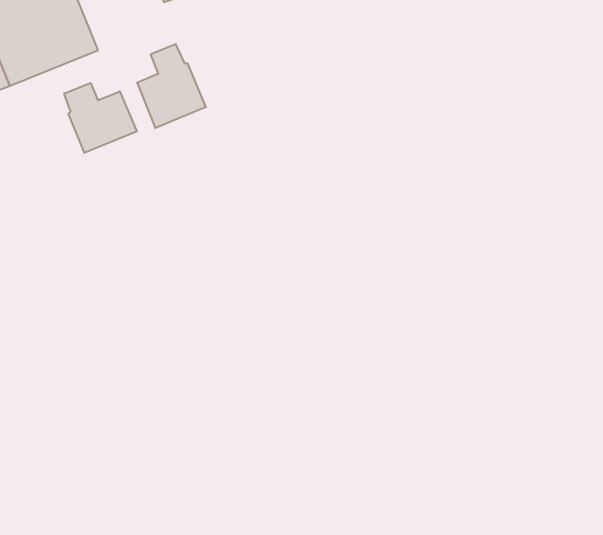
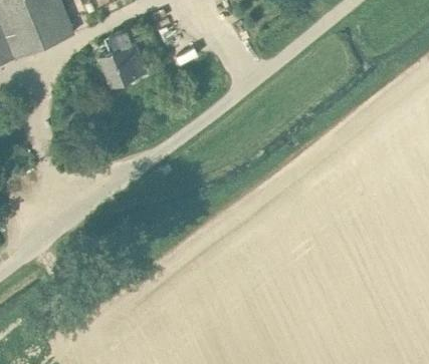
building: [64,83,137,153] -> none

